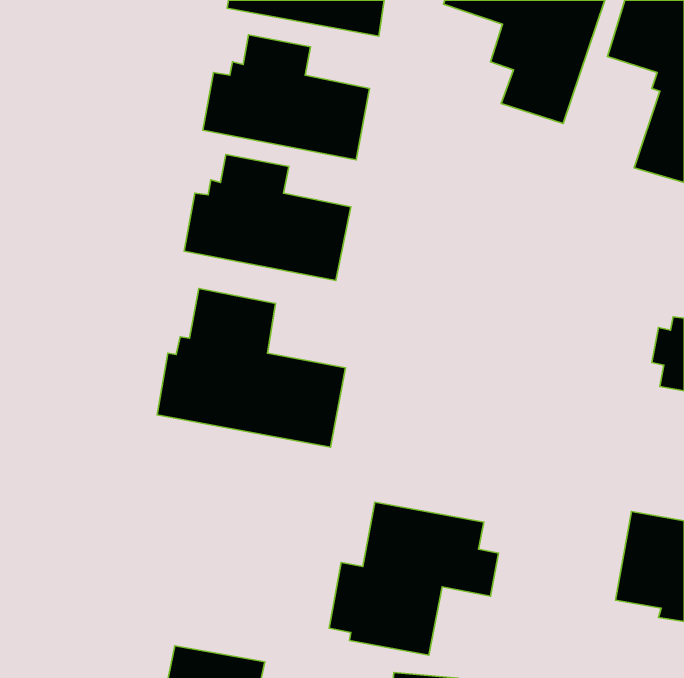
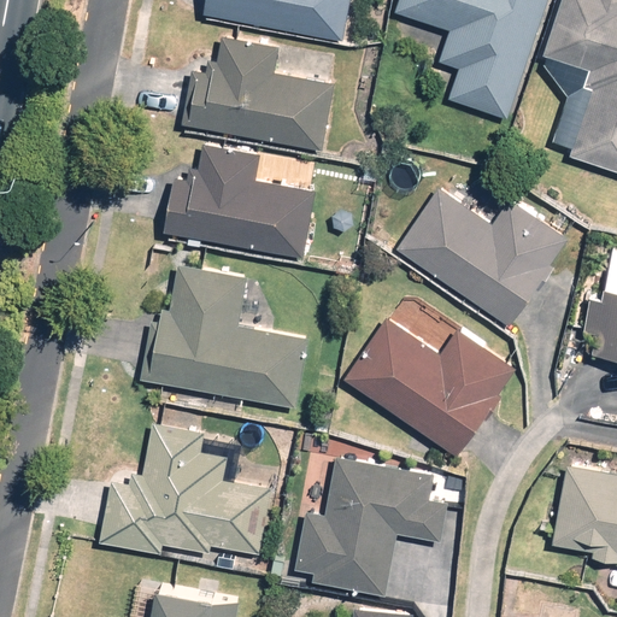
building: none -> [396,189,565,325]
building: none -> [343,318,515,457]
building: none -> [100,425,270,556]

